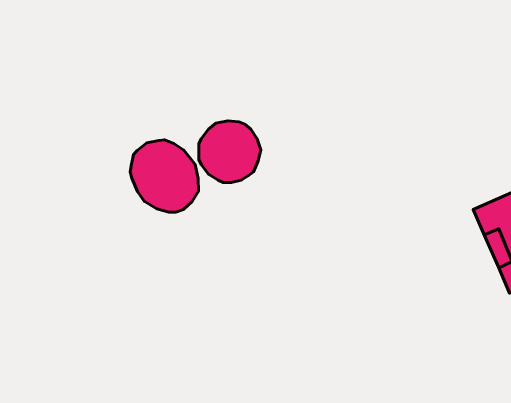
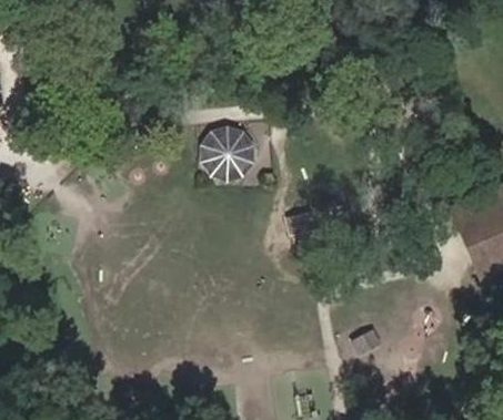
building: [130,140,198,212] -> none

